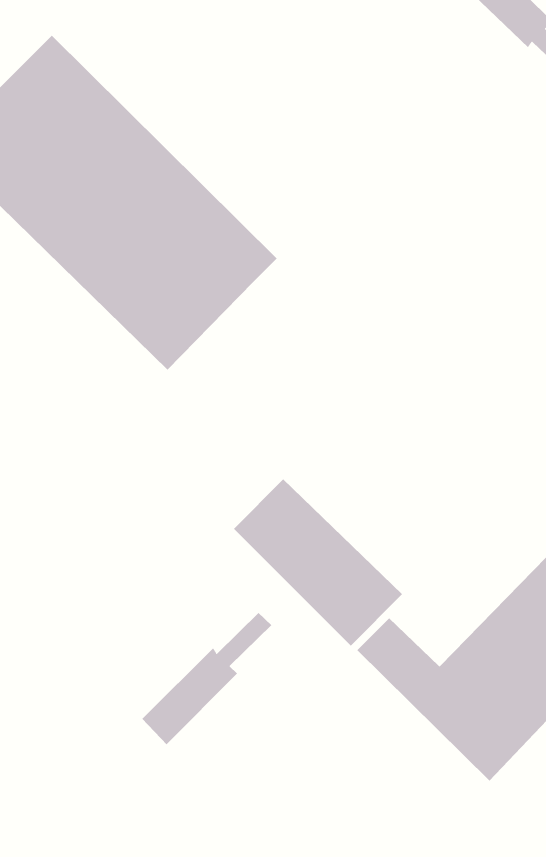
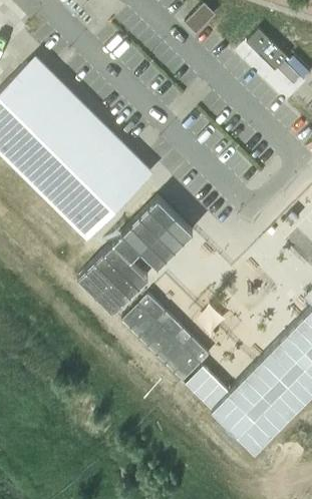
building: none -> [79,198,195,314]
building: [142,612,272,745] -> none

